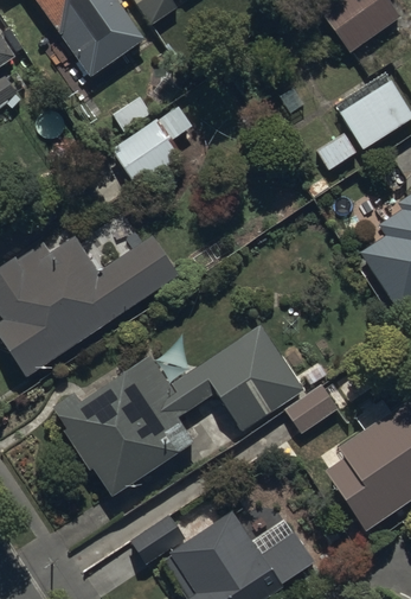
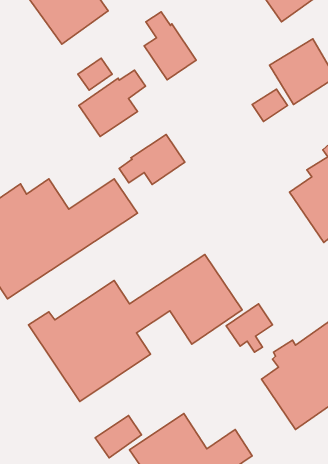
building: none -> [144,12,196,80]
building: none -> [119,134,185,184]

